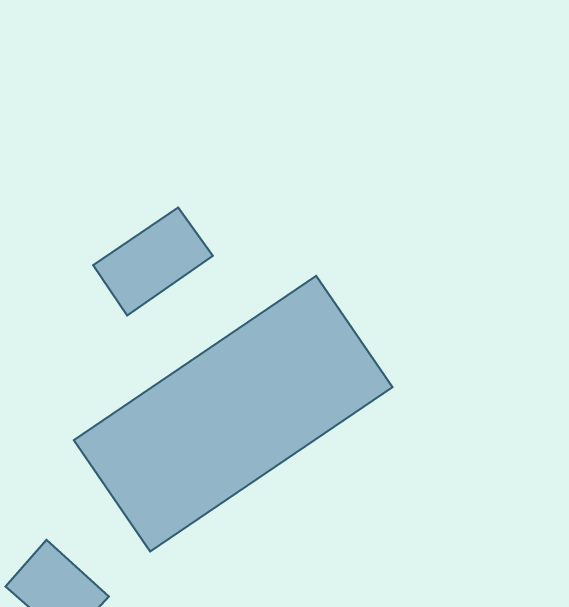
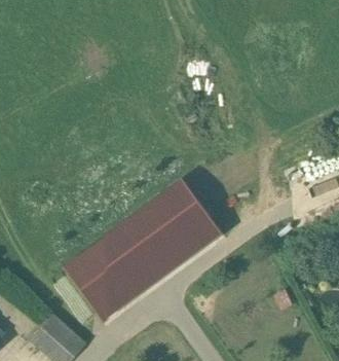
building: [93,208,213,315] -> none

